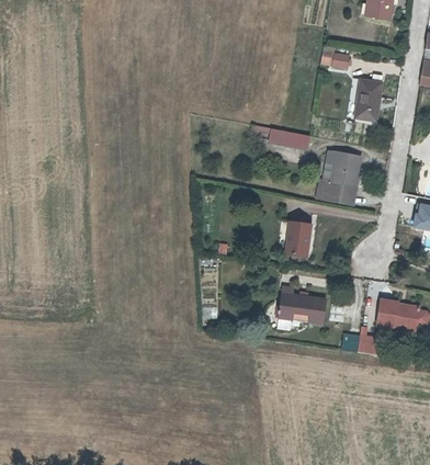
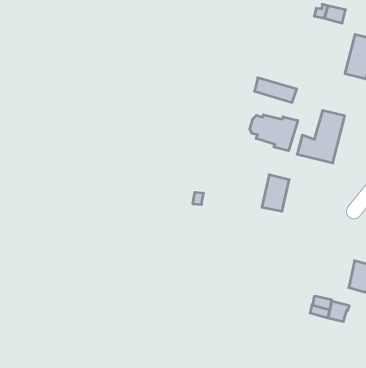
building: none -> [250,115,298,151]
building: [279,286,325,324] -> none

